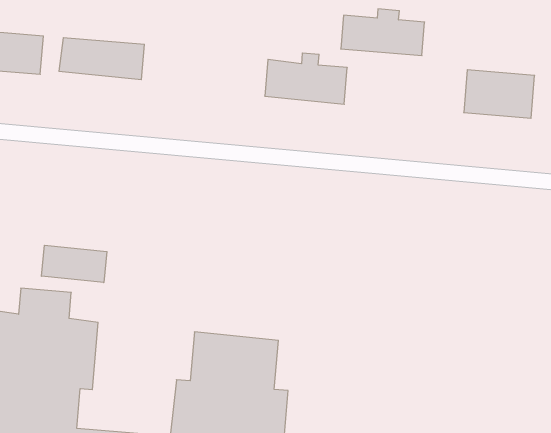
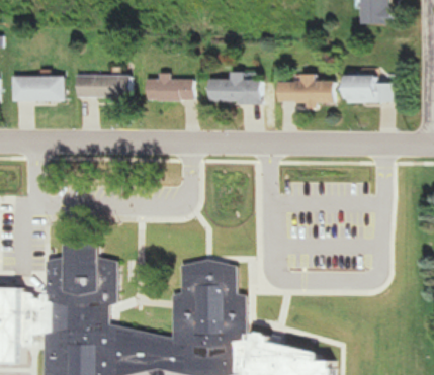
building: [341,9,425,56] -> [279,75,333,103]
building: none -> [148,74,199,101]
building: [41,245,107,283] -> none

